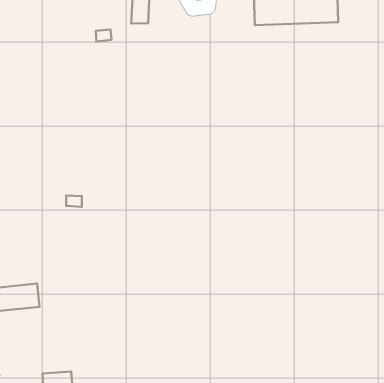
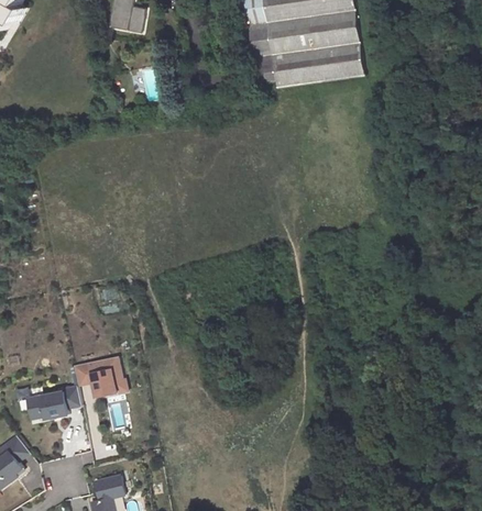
building: none -> [73,354,127,397]

